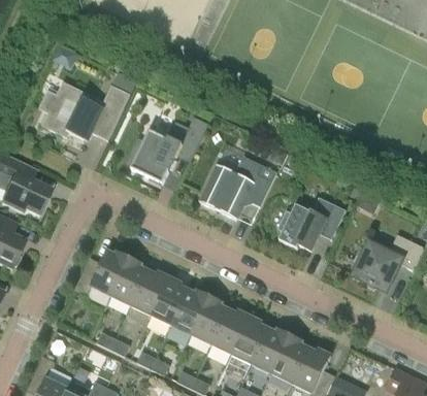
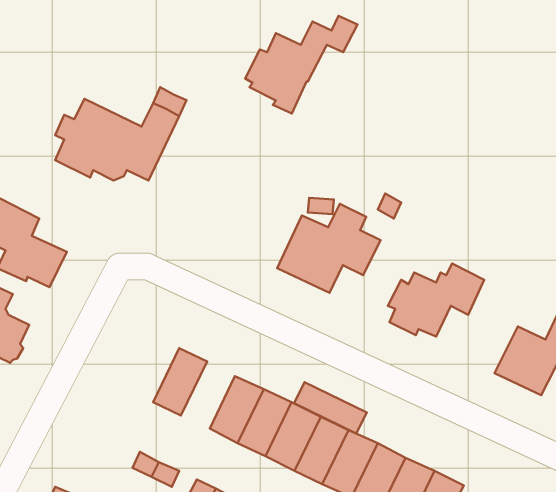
building: [128,118,207,187] -> [245,16,358,114]
building: [75,251,130,296] -> none
building: [131,267,169,315] -> none
building: none -> [294,382,367,433]

